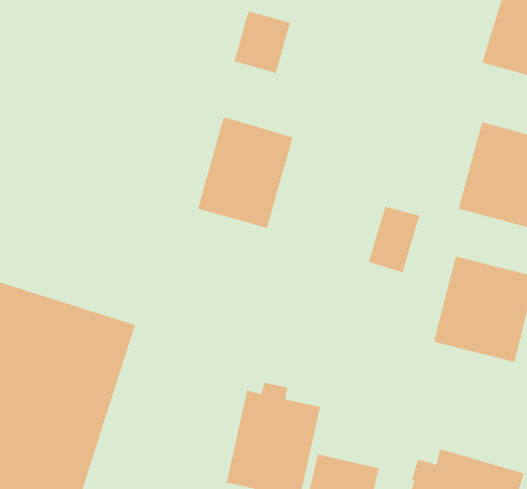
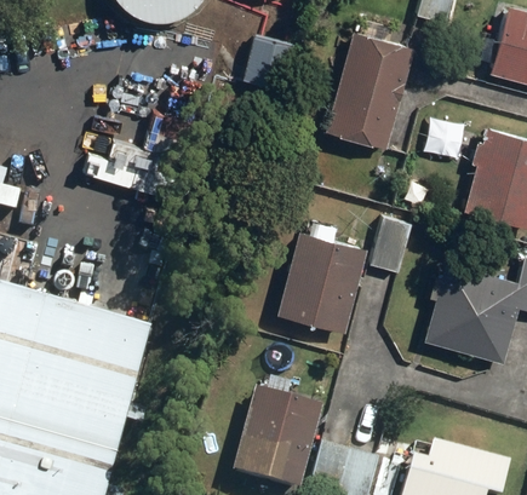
building: none -> [327,31,422,152]
building: [197,116,294,228] -> [279,230,368,334]

